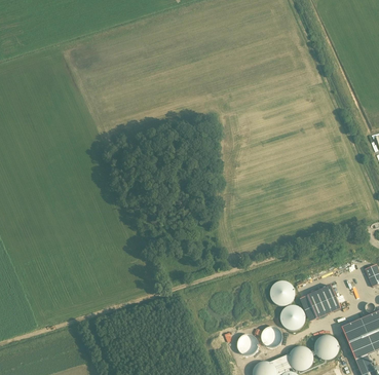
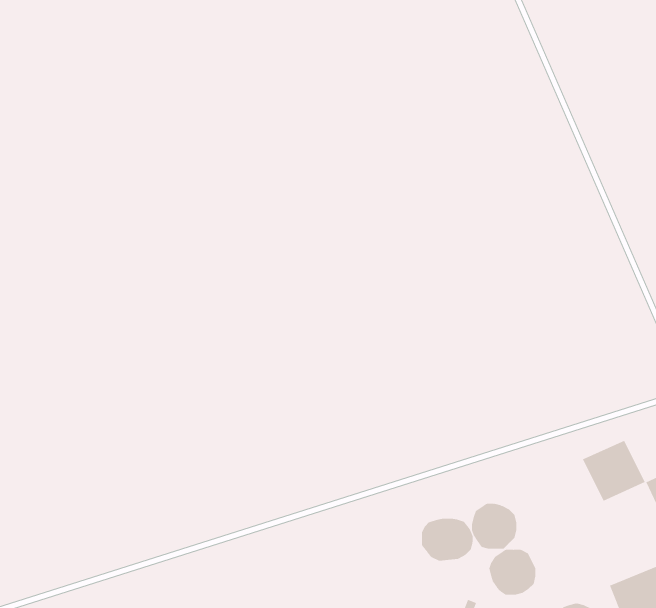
building: [308,284,342,316] -> [582,440,645,501]
building: none -> [421,518,473,561]

